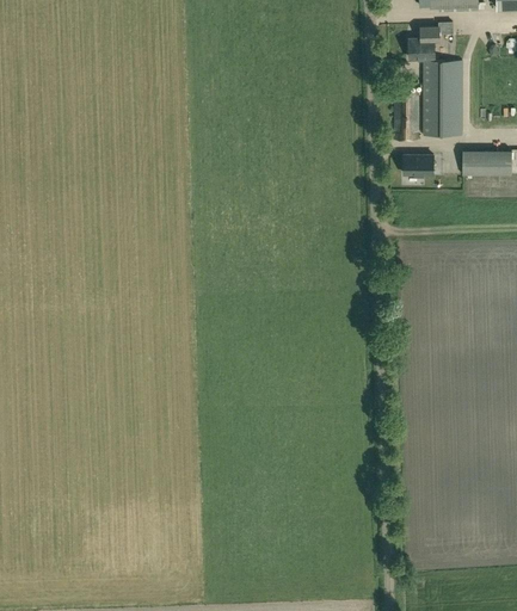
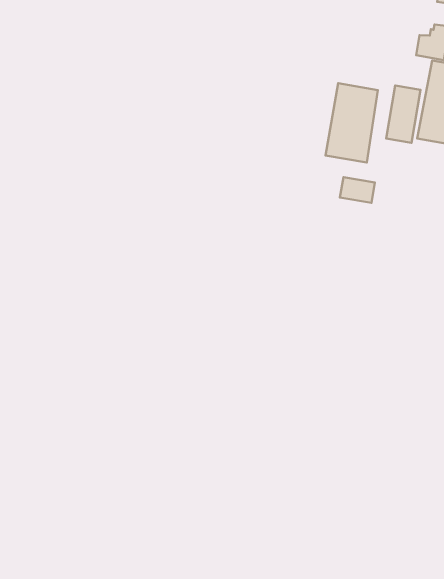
building: none -> [326,83,378,163]
building: [410,154,439,173] -> [340,177,375,203]

